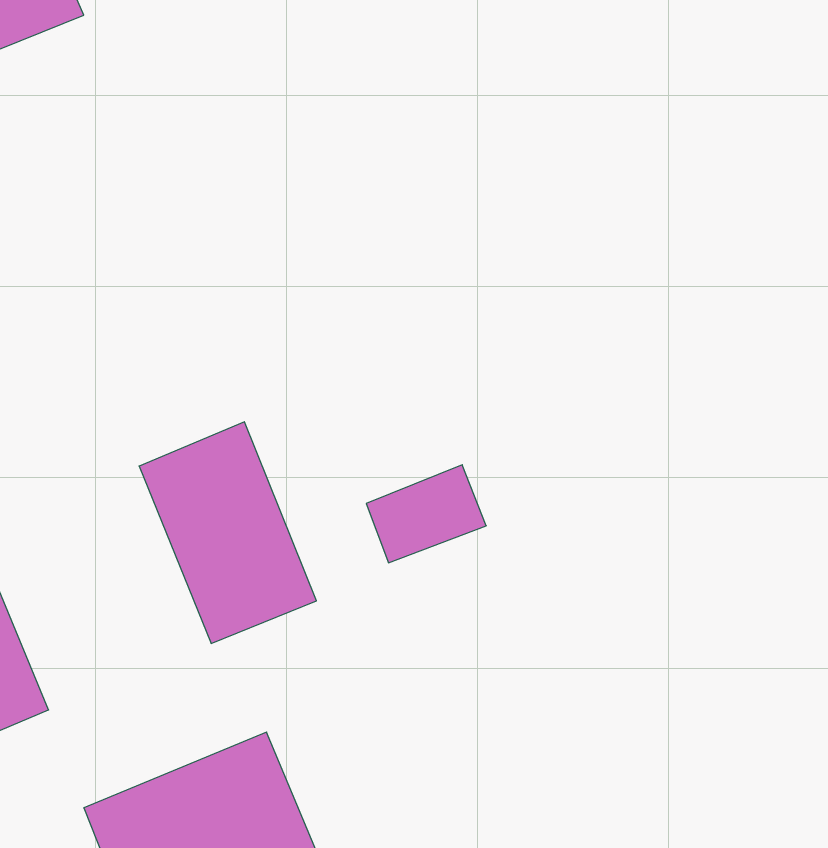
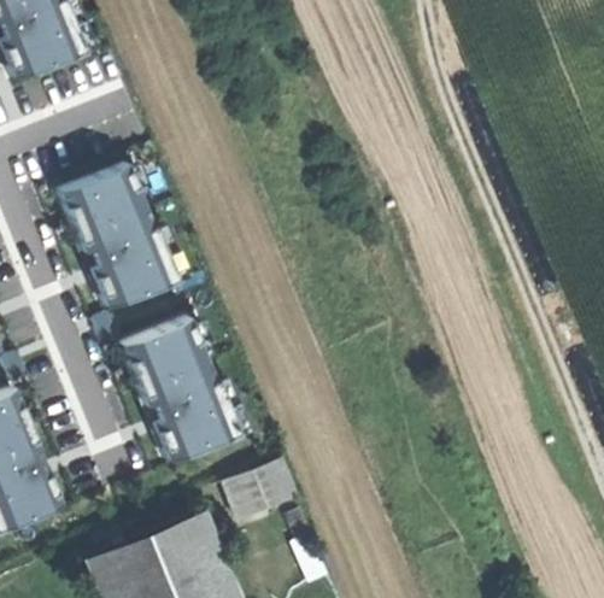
building: none -> [55,160,172,305]
building: [366,465,486,563] -> [222,455,300,518]

